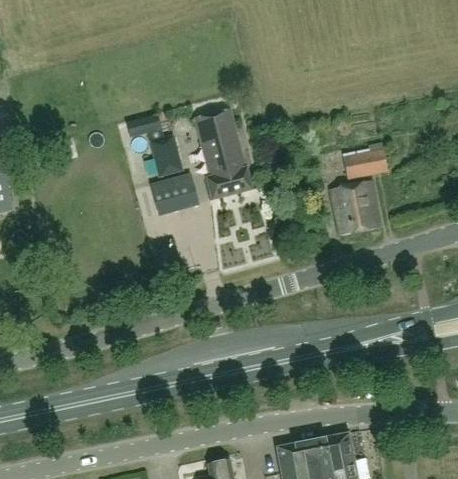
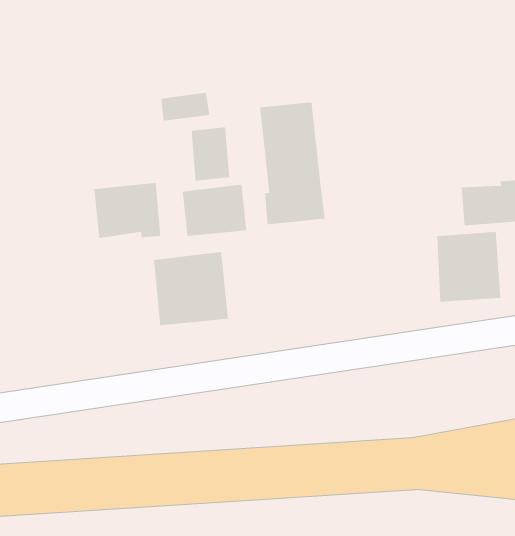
building: none -> [93,182,161,239]
building: none -> [153,251,229,326]

